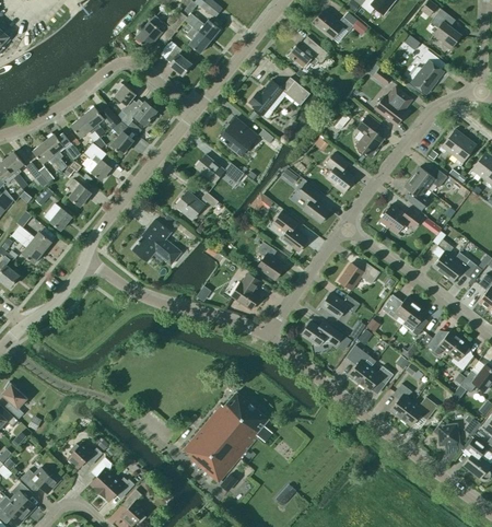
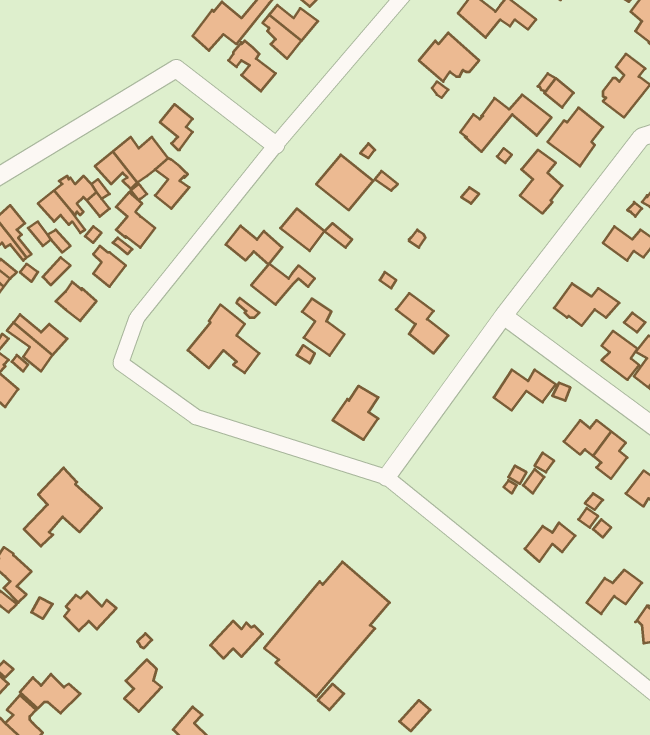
building: [248,78,309,116] -> [460,95,551,152]
building: [121,99,156,126] -> none
building: [326,152,354,192] -> none
building: none -> [226,226,282,264]
building: [403,177,429,210] -> [602,331,639,380]
building: [296,183,329,223] -> none
building: [256,242,284,280] -> [302,299,344,356]
building: [320,293,359,318] -> none
building: [302,320,342,346] -> none
building: none -> [24,468,102,546]
building: [348,348,375,383] -> none
building: [390,383,412,419] -> none
building: [68,442,103,468] -> [64,592,116,631]
building: [99,476,134,501] -> [210,621,263,658]

